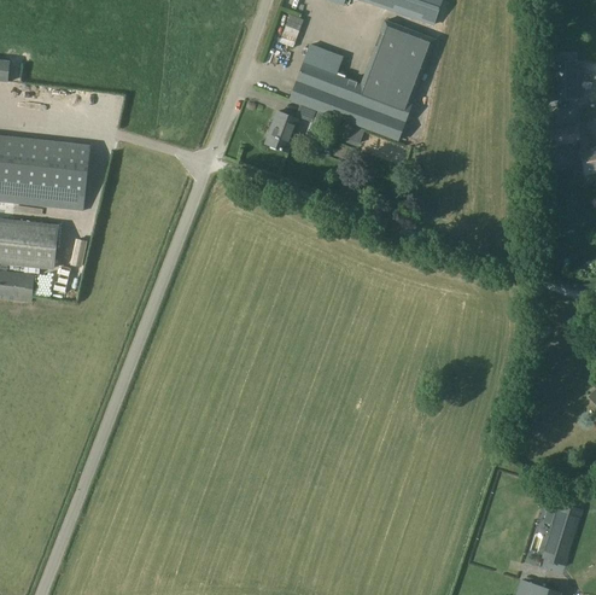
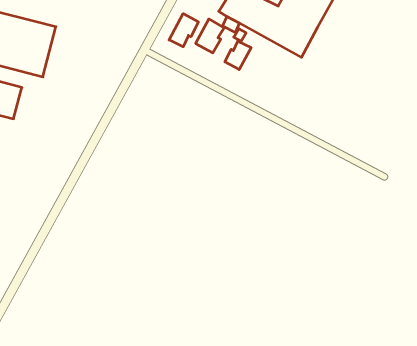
building: none -> [169,14,198,47]
building: none -> [225,41,251,70]

